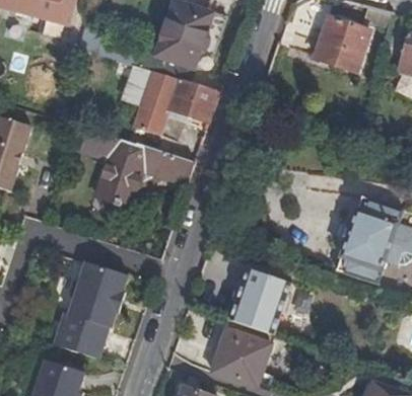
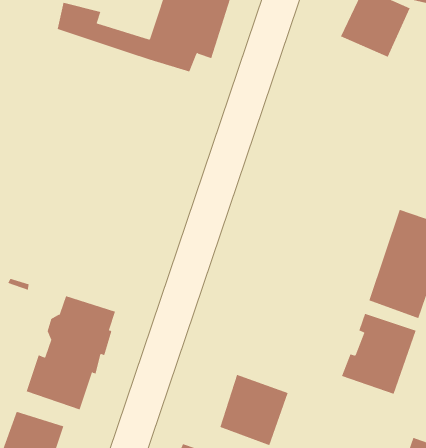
building: [135,72,218,137] -> none
building: [83,130,195,207] -> none
building: [229,269,291,336] -> [341,313,416,395]

